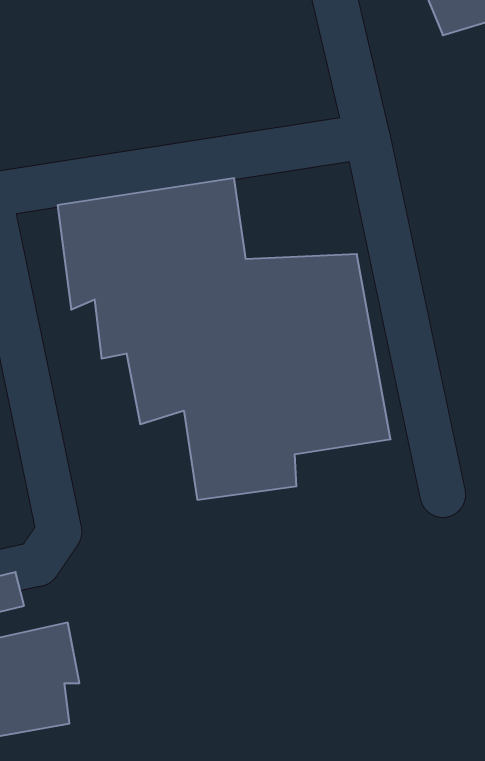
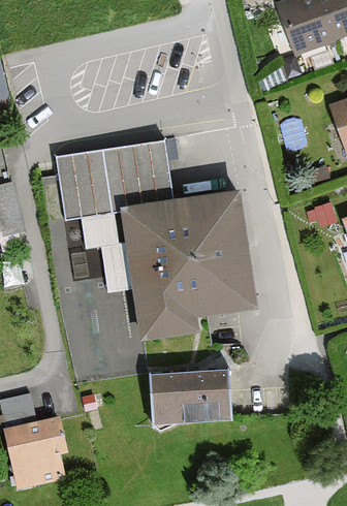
building: none -> [153,371,234,425]

